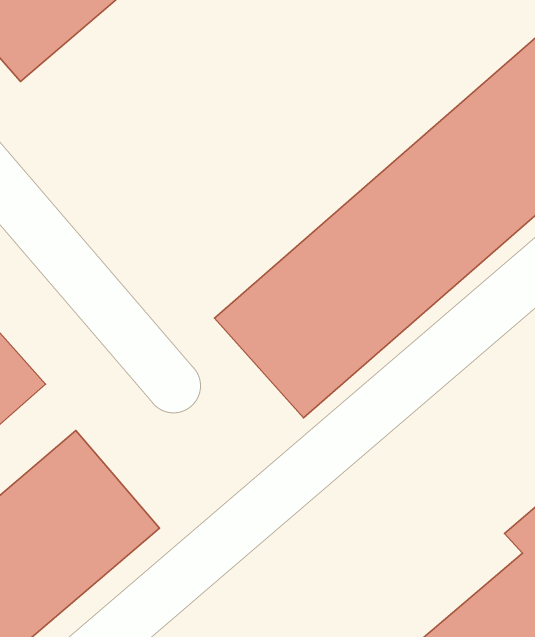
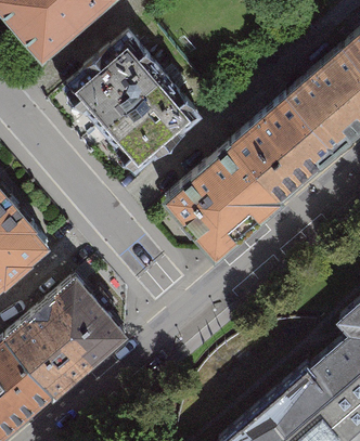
building: none -> [69,37,195,165]

